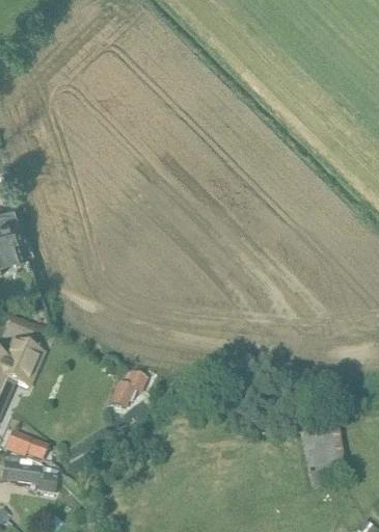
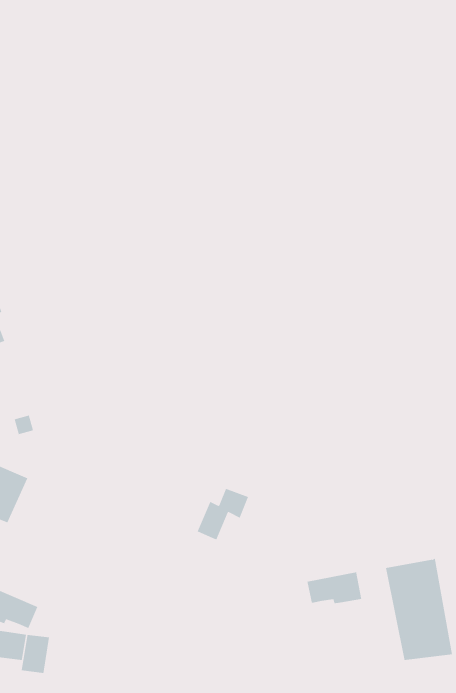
building: [110,372,147,409] -> [197,488,249,540]
building: none -> [307,571,362,605]

